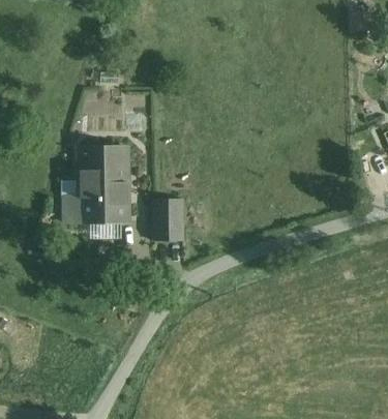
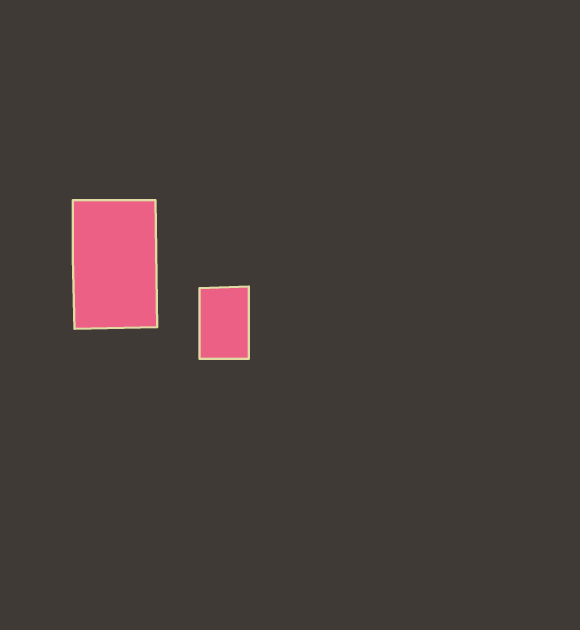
building: [63,181,80,222] -> none

